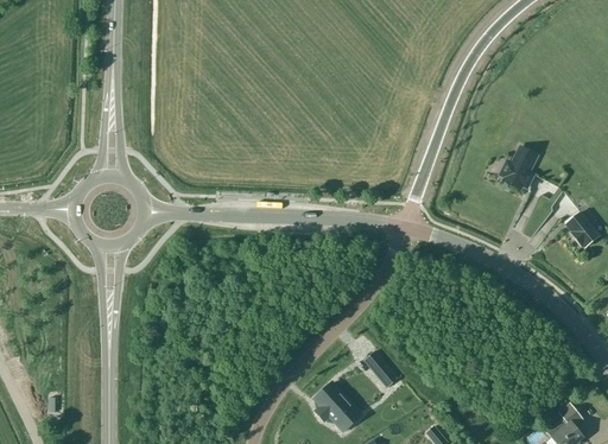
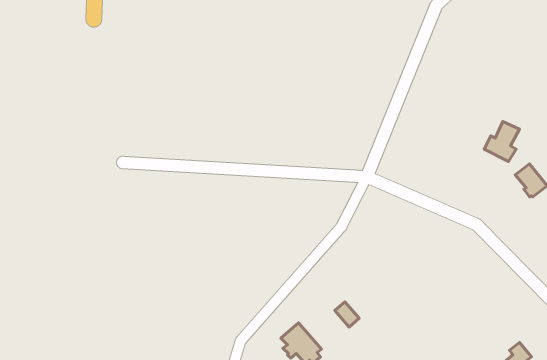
building: [499,145,537,188] -> [484,122,519,161]

